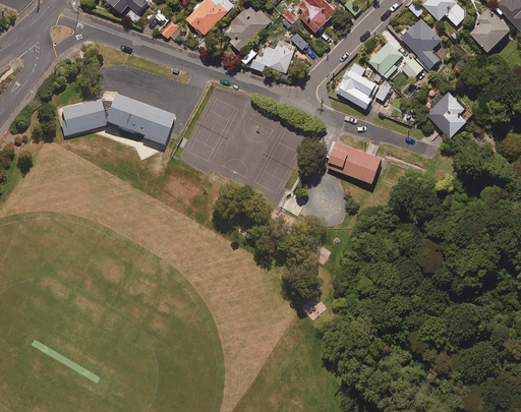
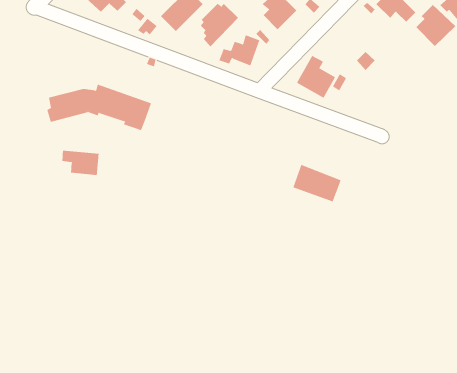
building: [400,18,441,68] -> none
building: [368,42,402,78] -> none
building: [426,92,473,138] -> none
building: [330,141,384,183] -> [293,164,342,202]
building: none -> [62,150,99,176]

